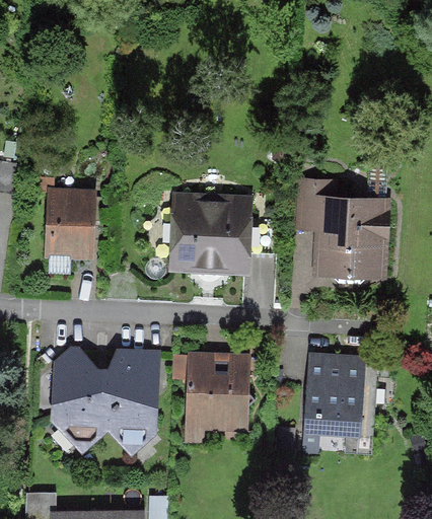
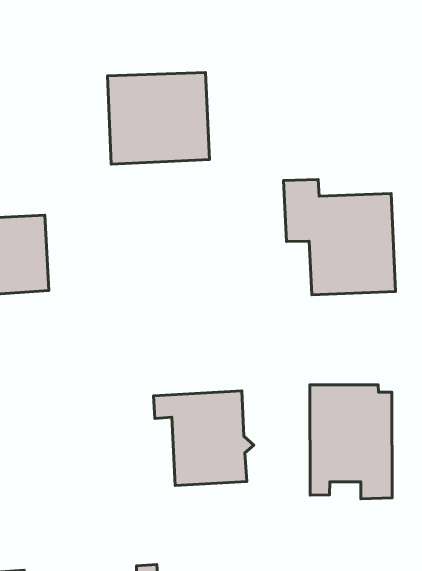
building: [166,194,251,271] -> [107,72,209,164]
building: [52,348,157,453] -> none

